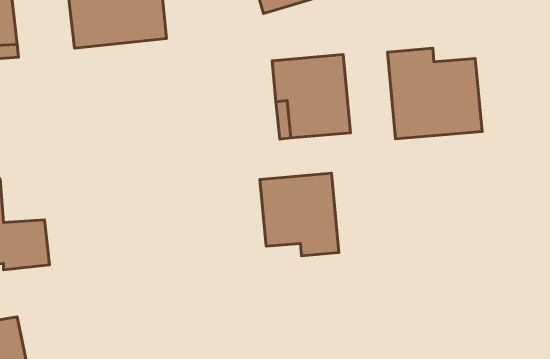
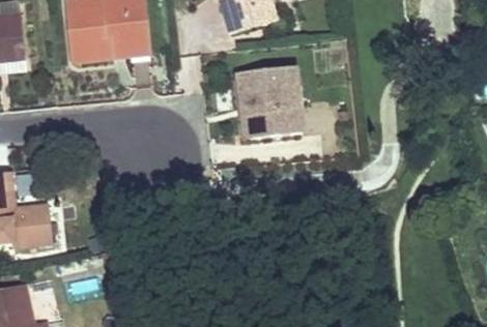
building: [387,48,482,139] -> none
building: [260,173,339,256] -> none

